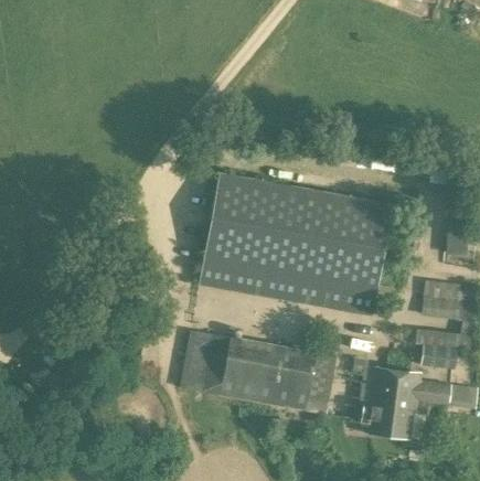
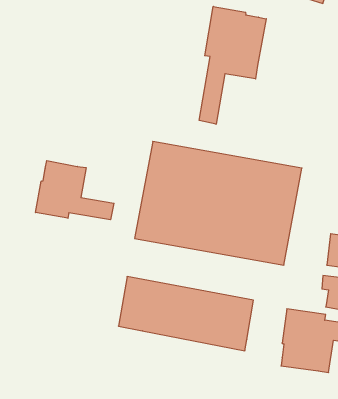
building: none -> [199,6,266,124]
building: none -> [36,161,114,220]

